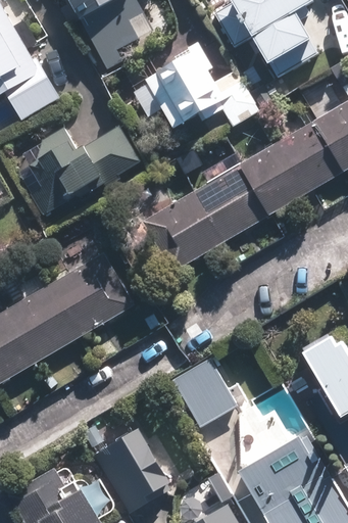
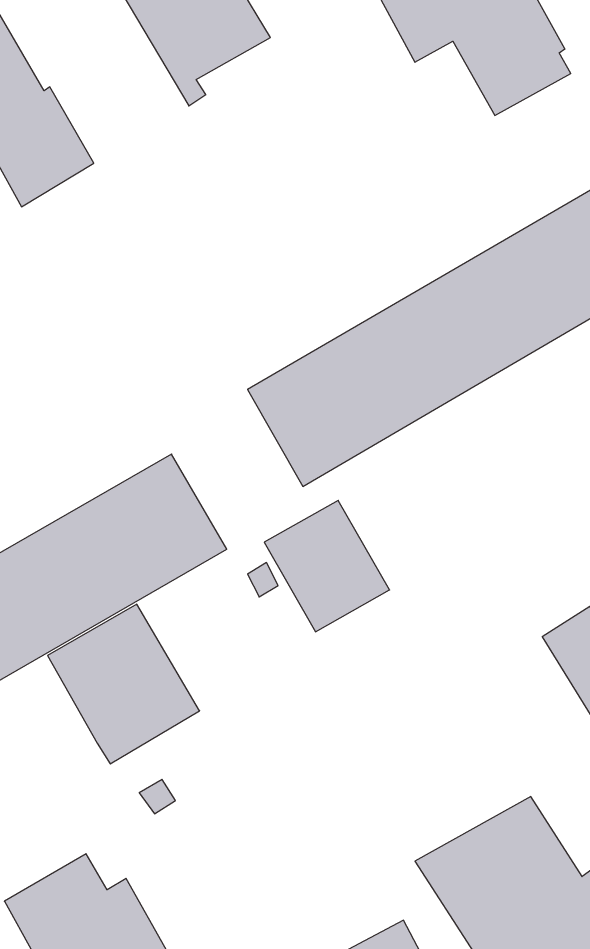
building: [144,50,256,129] -> none
building: [30,127,140,217] -> none
building: [167,356,235,427] -> [264,500,390,632]
building: [93,428,175,514] -> [48,604,200,764]

